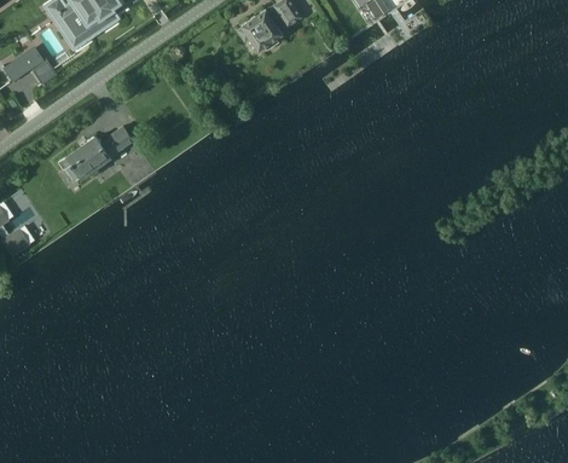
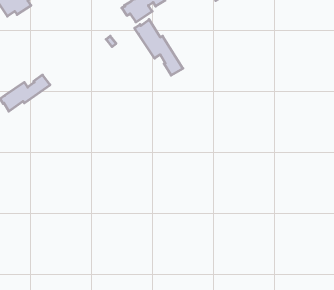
building: none -> [135,19,183,75]

